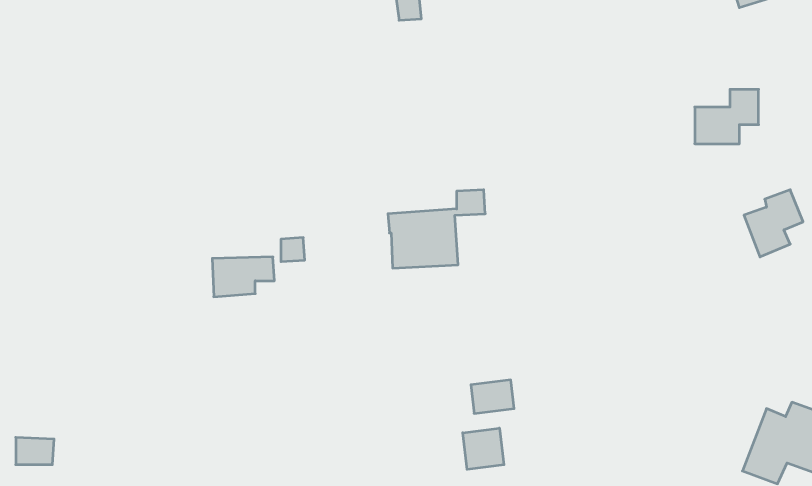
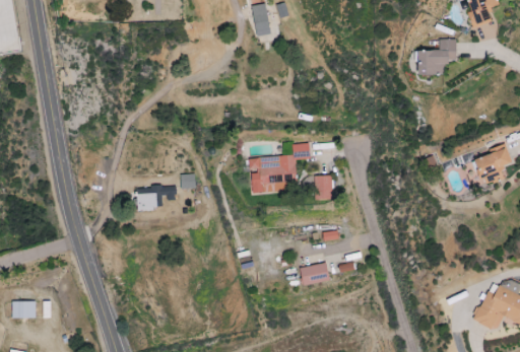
building: [695,89,759,144] -> [415,39,456,73]
building: none -> [314,175,331,199]
building: [463,428,504,469] -> none

